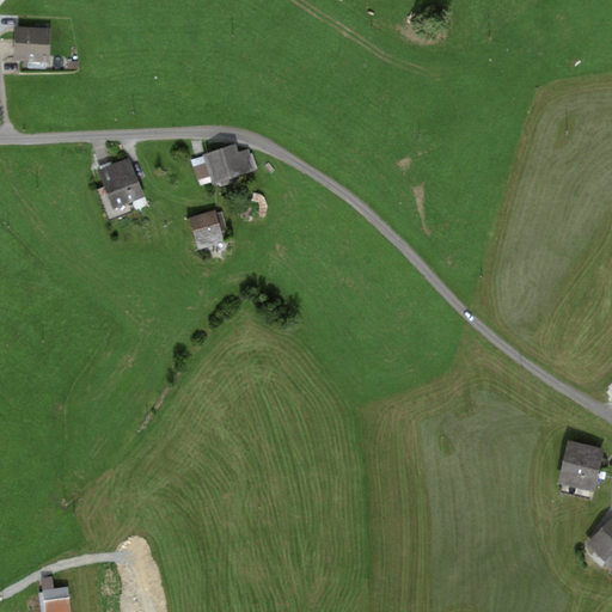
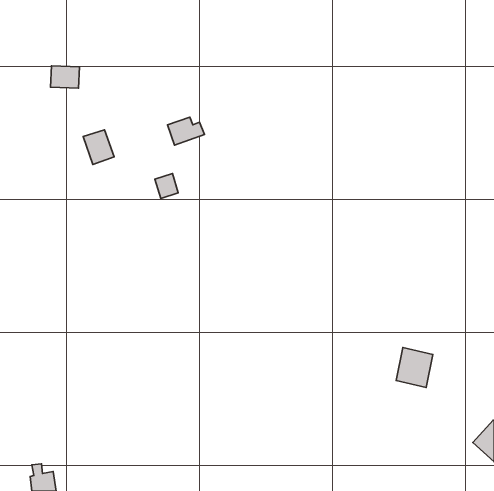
building: [14,30,50,57] -> [50,66,79,88]
building: [558,442,604,491] -> [396,348,433,387]

